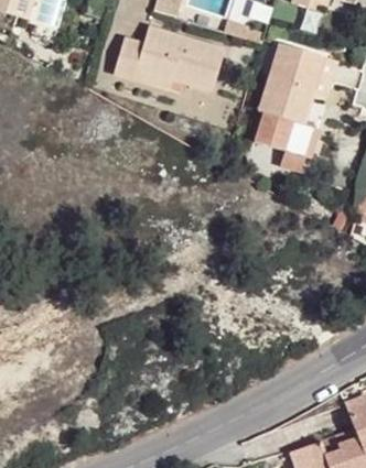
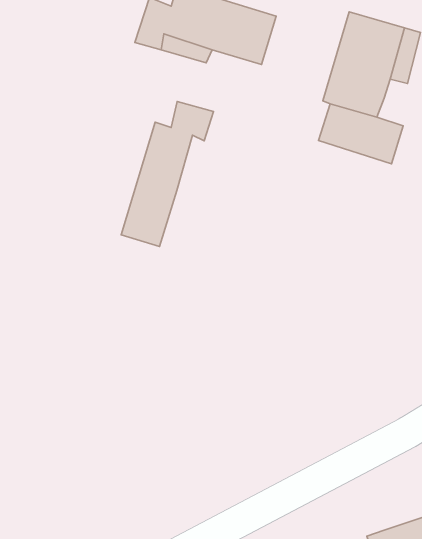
building: none -> [121,101,214,246]

